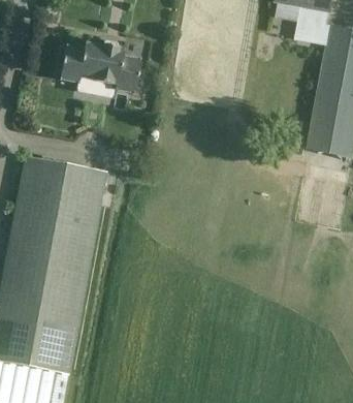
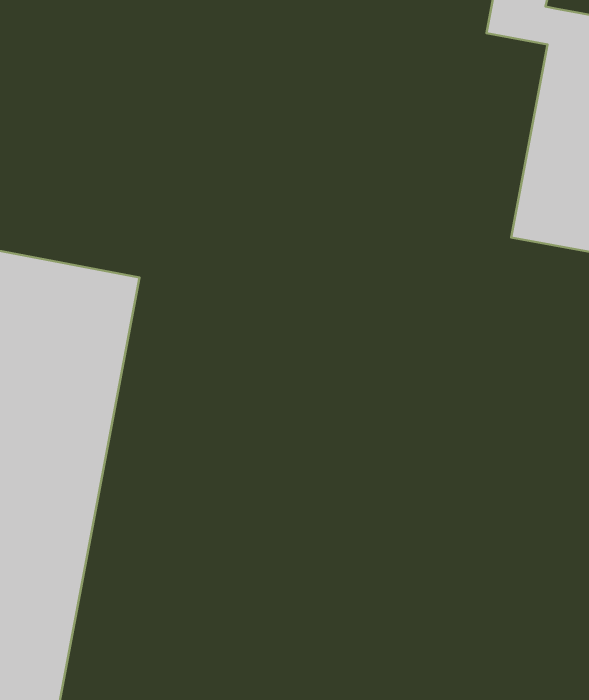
building: [60,41,140,93] -> none

